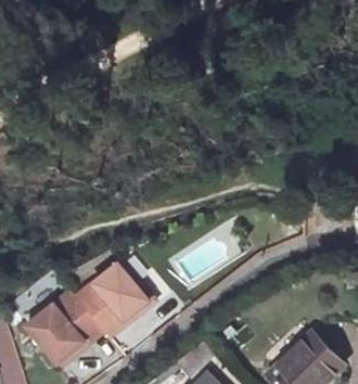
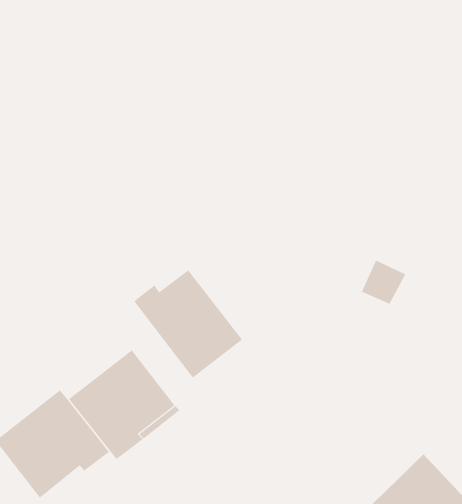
building: none -> [133,269,243,379]

